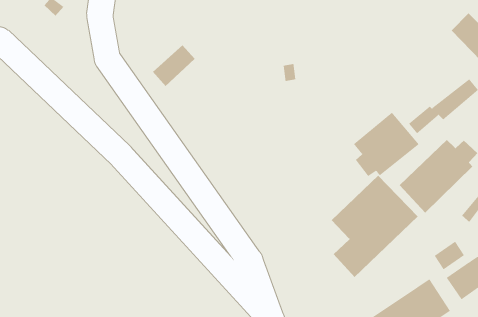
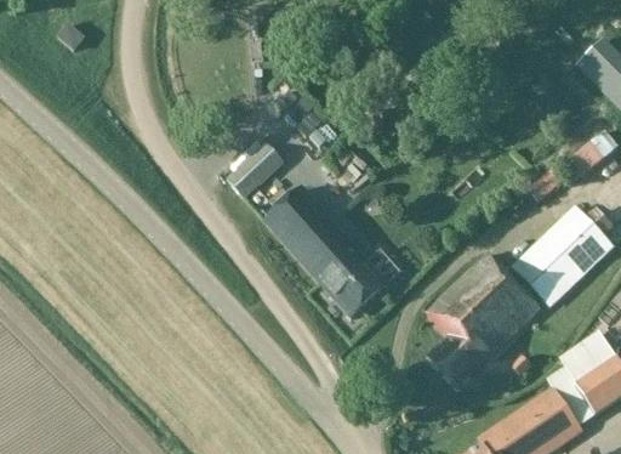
building: [152,45,196,87] -> [228,142,284,197]
building: [353,112,419,177] -> none
building: none -> [264,186,391,317]

